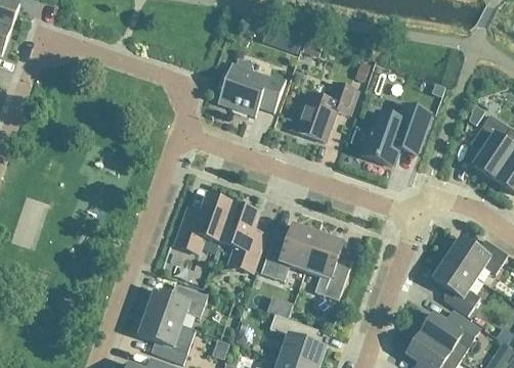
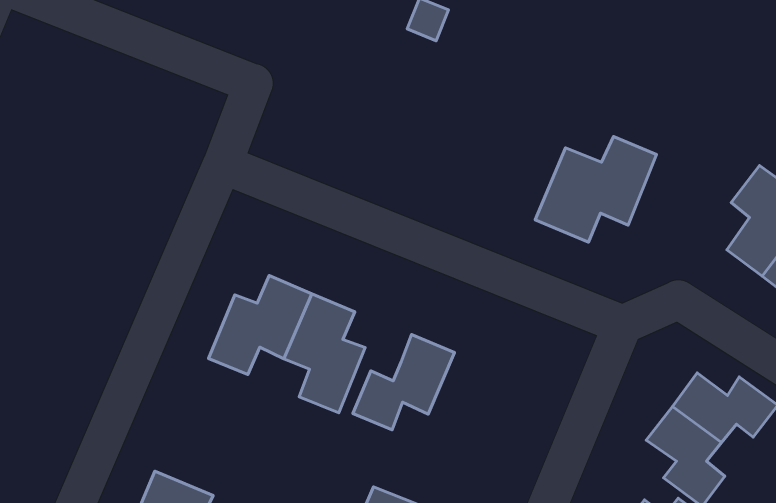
building: [216,57,286,117] -> none
building: [287,82,357,141] -> none
building: [304,233,346,300] -> none
building: [143,285,207,324] -> none

